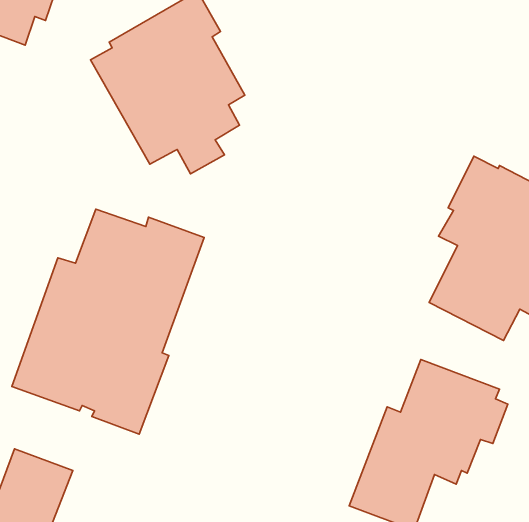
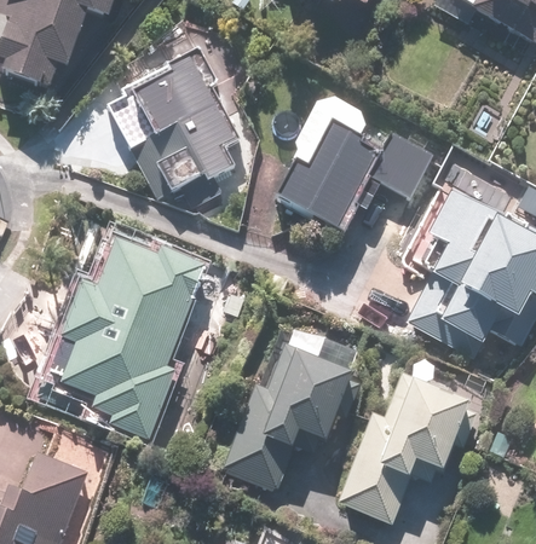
building: none -> [273,96,436,233]
building: none -> [223,341,362,488]

